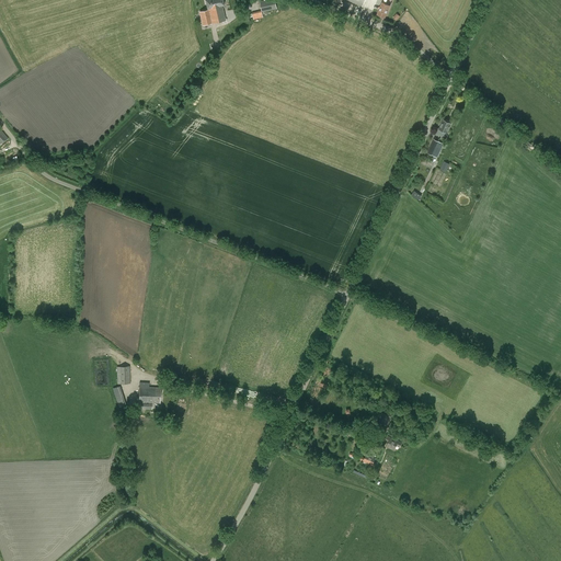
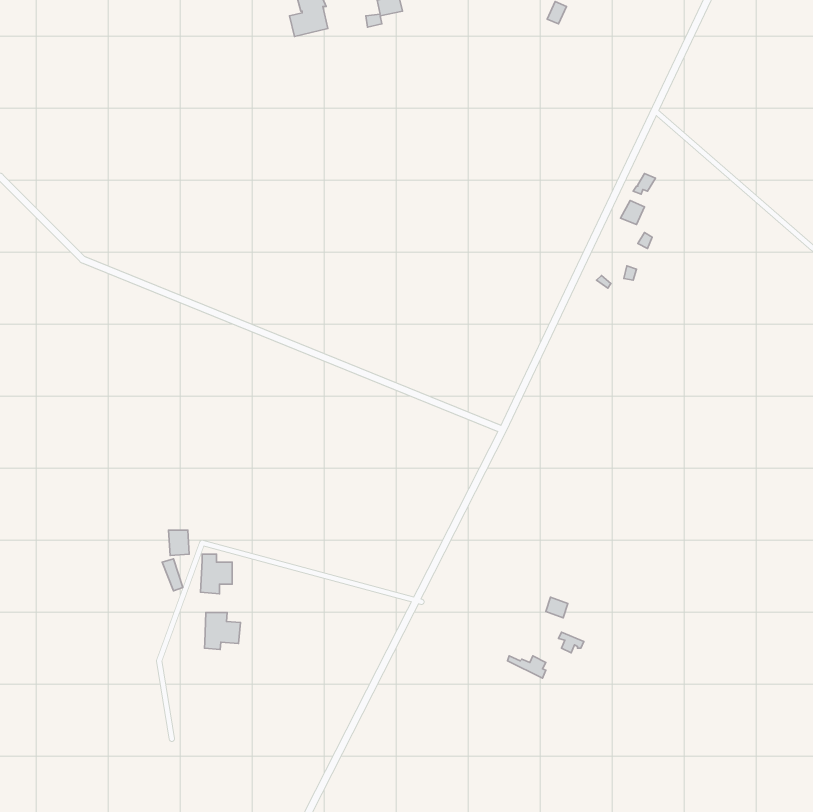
building: none -> [204,612,240,649]

